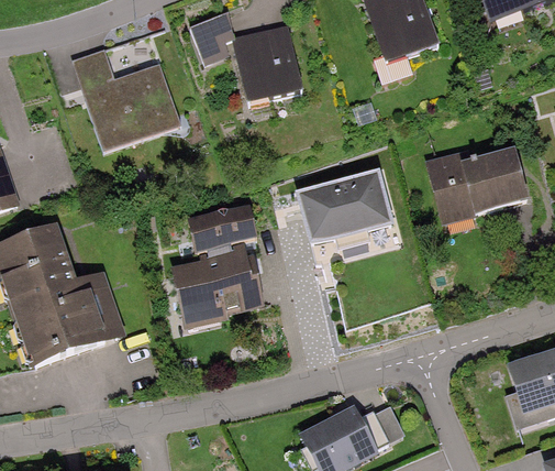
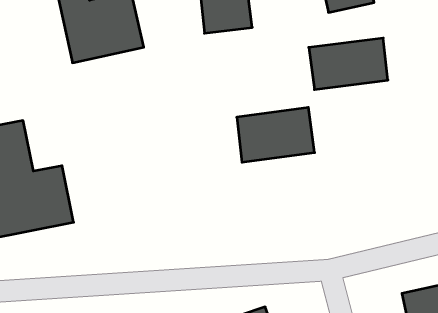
building: [431,151,525,219] -> [309,38,388,90]
building: [171,204,260,321] -> none

